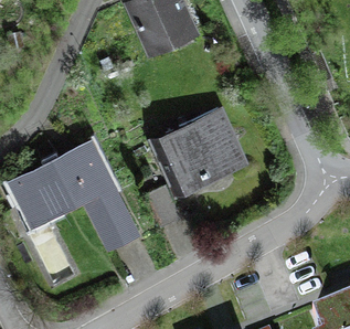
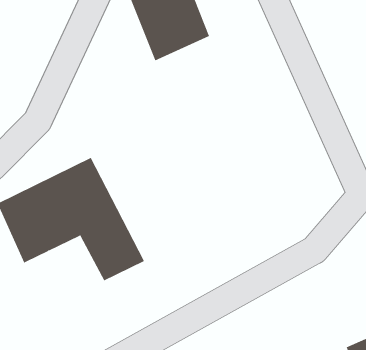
building: [150,109,246,195] -> none

